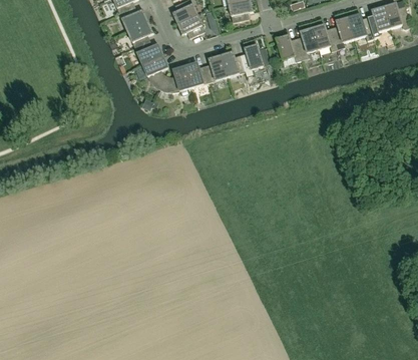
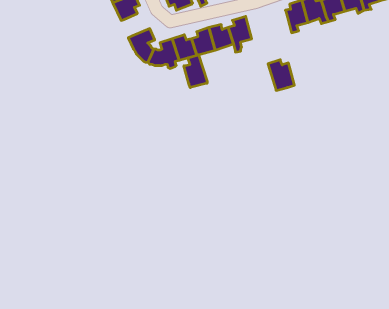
building: [276,34,302,64] -> [268,60,294,90]
building: [134,40,162,64] -> none
building: none -> [184,55,207,88]

